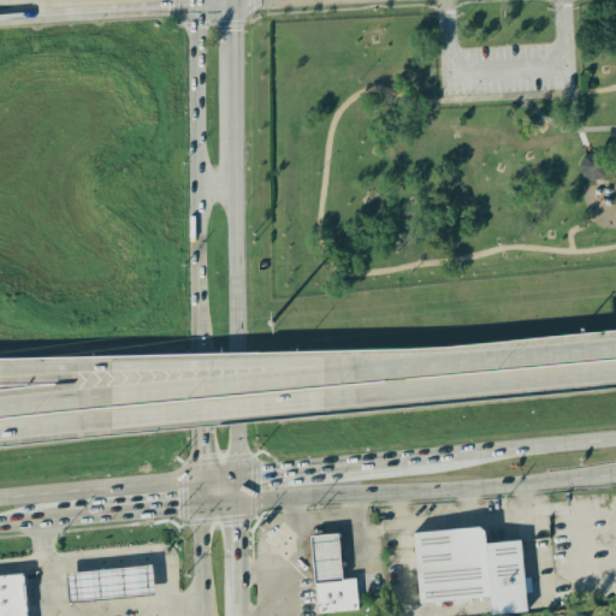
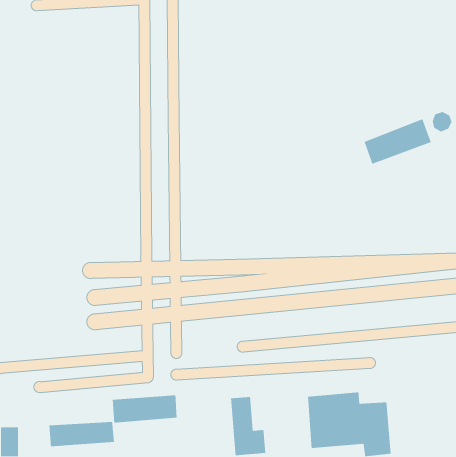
building: none -> [363,118,432,165]
building: none -> [112,395,177,424]

